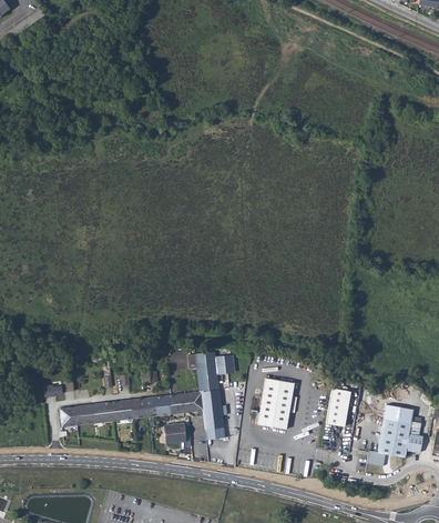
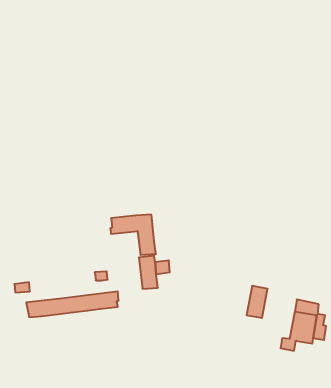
building: [257,379,293,430] -> none
building: [169,390,224,439] -> [110,215,156,255]
building: [165,423,192,443] -> none

